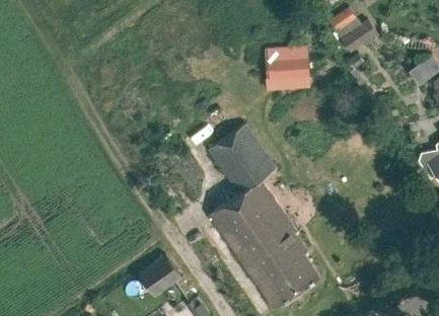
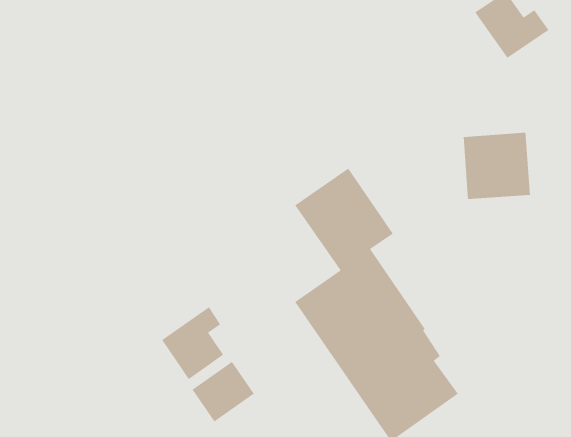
building: [264,46,309,91] -> [463,132,531,200]
building: none -> [161,306,224,380]

